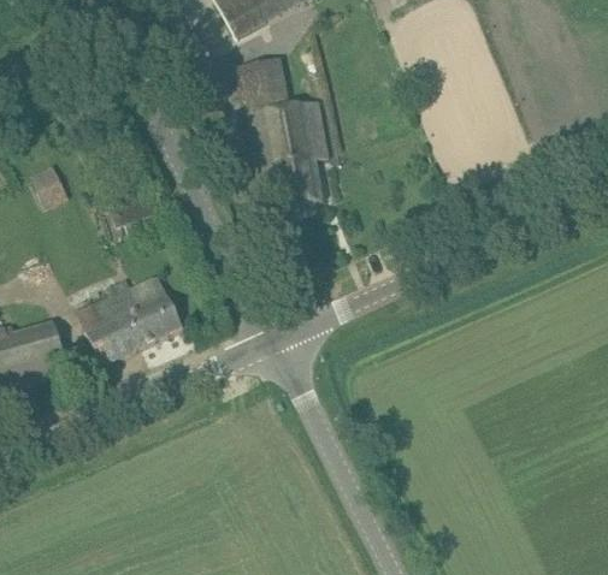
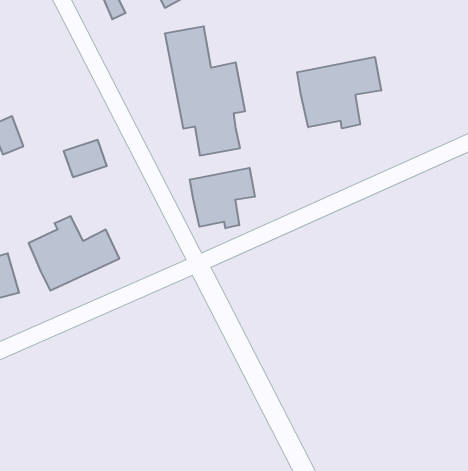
building: none -> [297,57,381,128]
building: none -> [190,168,255,228]

